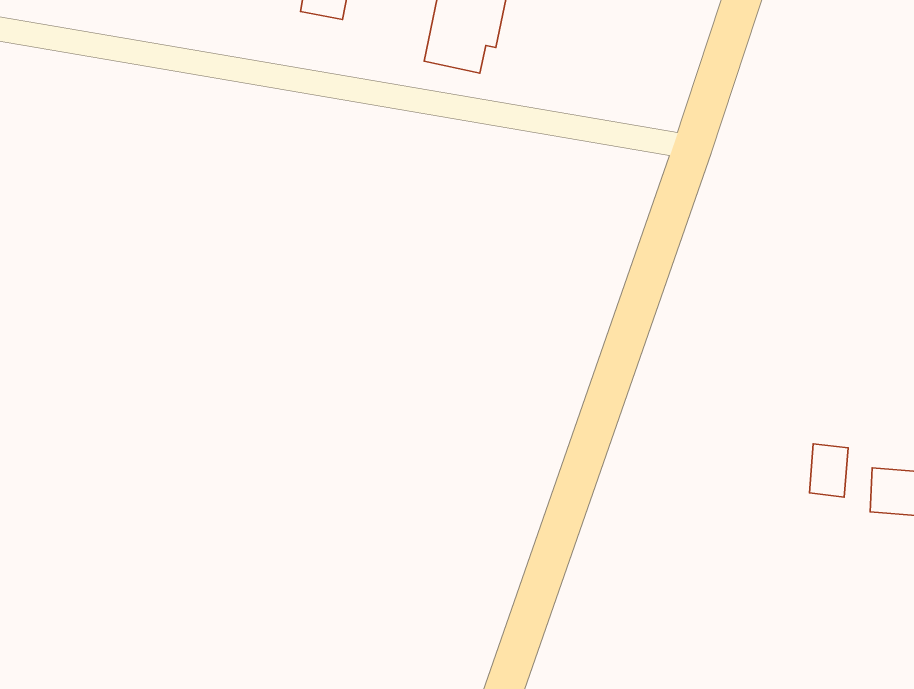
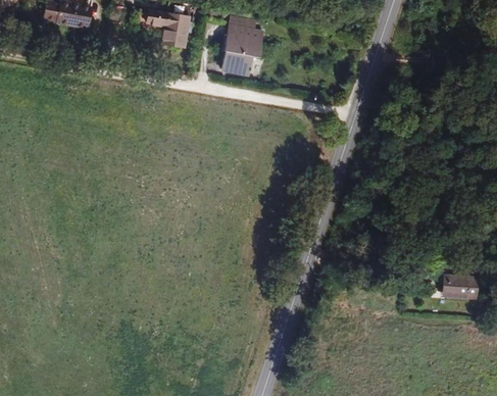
building: [809,444,848,497] -> none

